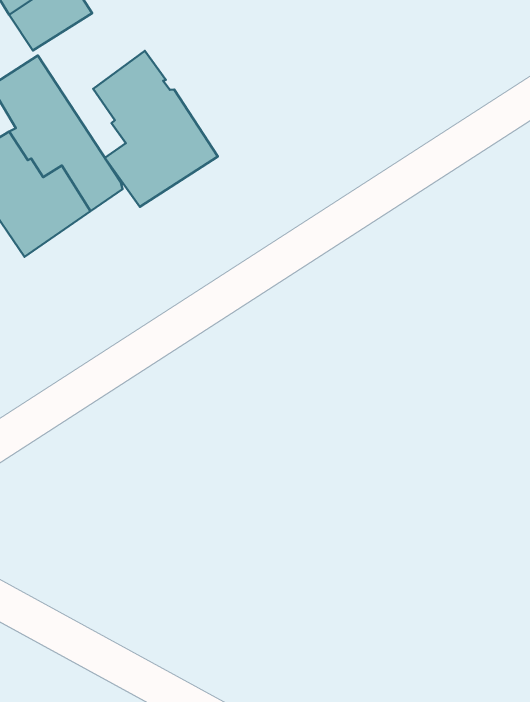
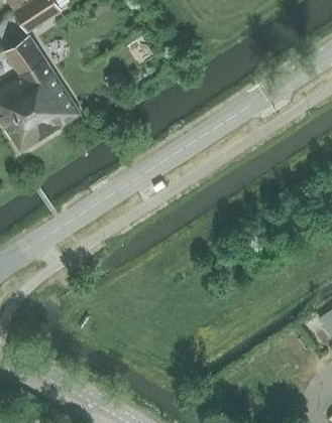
building: [93,51,218,207] -> none

